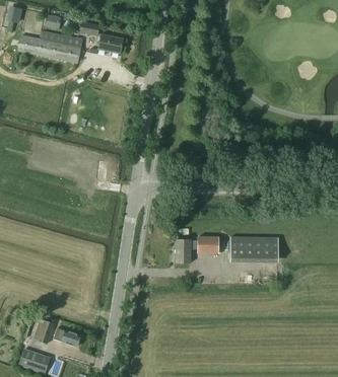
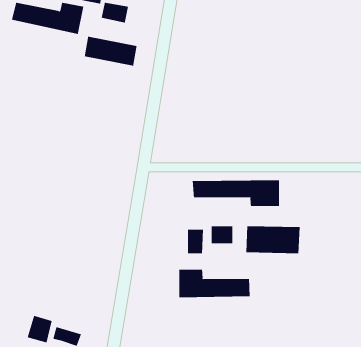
building: none -> [84,36,137,67]
building: none -> [192,179,279,207]
building: none -> [179,269,250,298]

